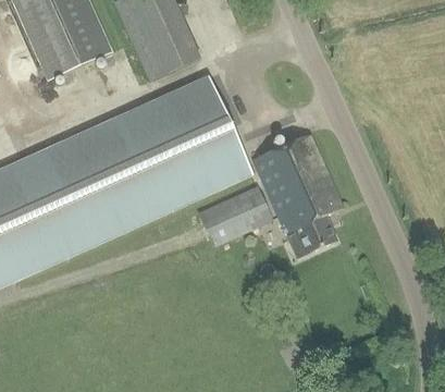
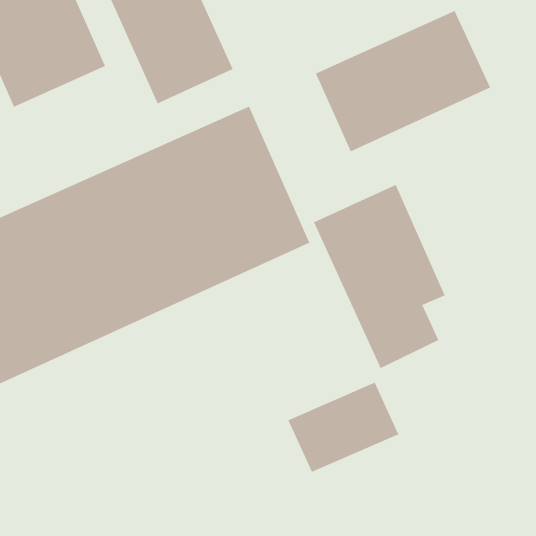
building: none -> [315,10,491,152]
building: [194,181,270,243] -> [288,382,399,473]

